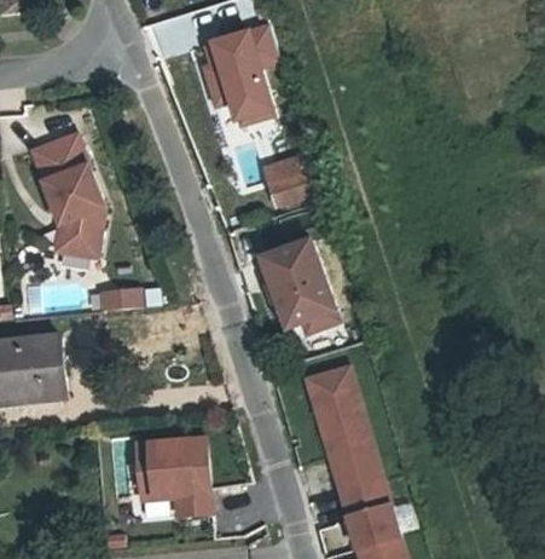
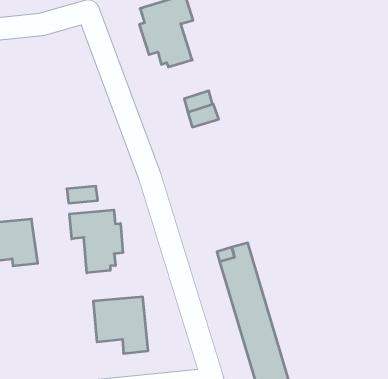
building: [42,128,115,252] -> none
building: [256,238,336,334] -> none
building: none -> [70,210,123,273]

